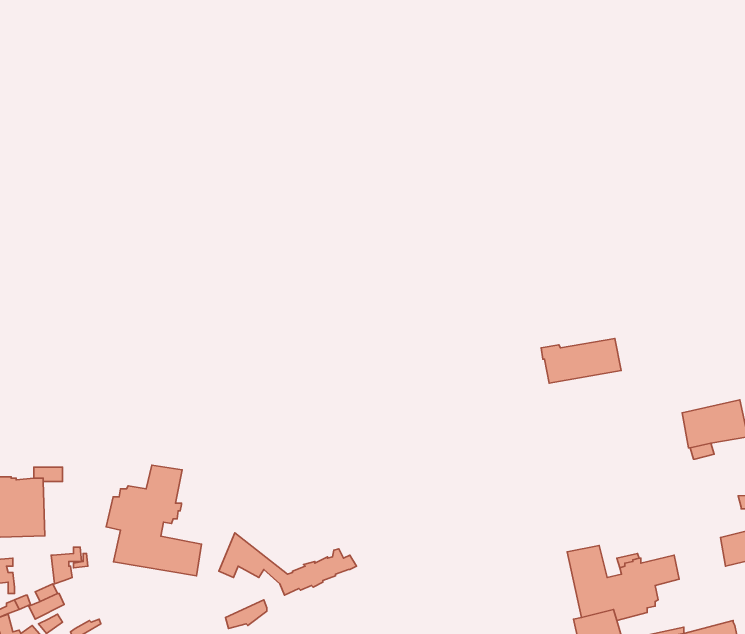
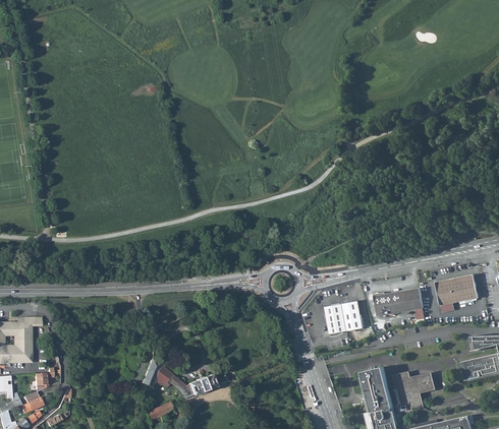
building: [541,338,621,383] -> [373,288,424,316]
building: none -> [325,301,363,334]
building: [106,465,201,576] -> none

